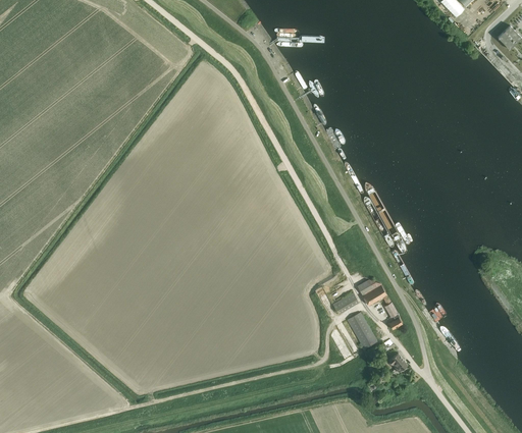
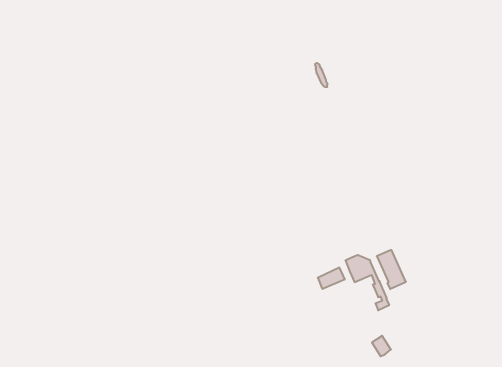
building: [348,312,377,348] -> [377,250,406,289]

